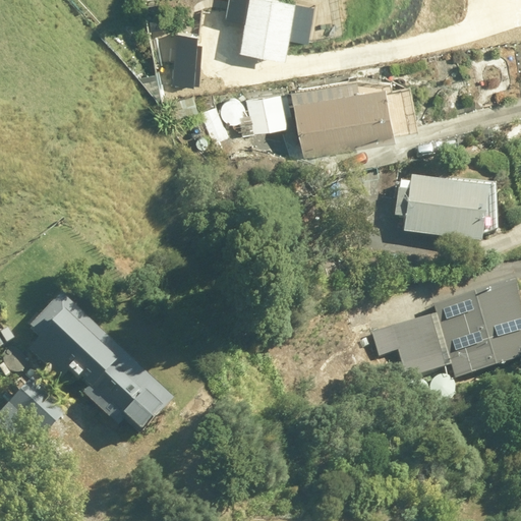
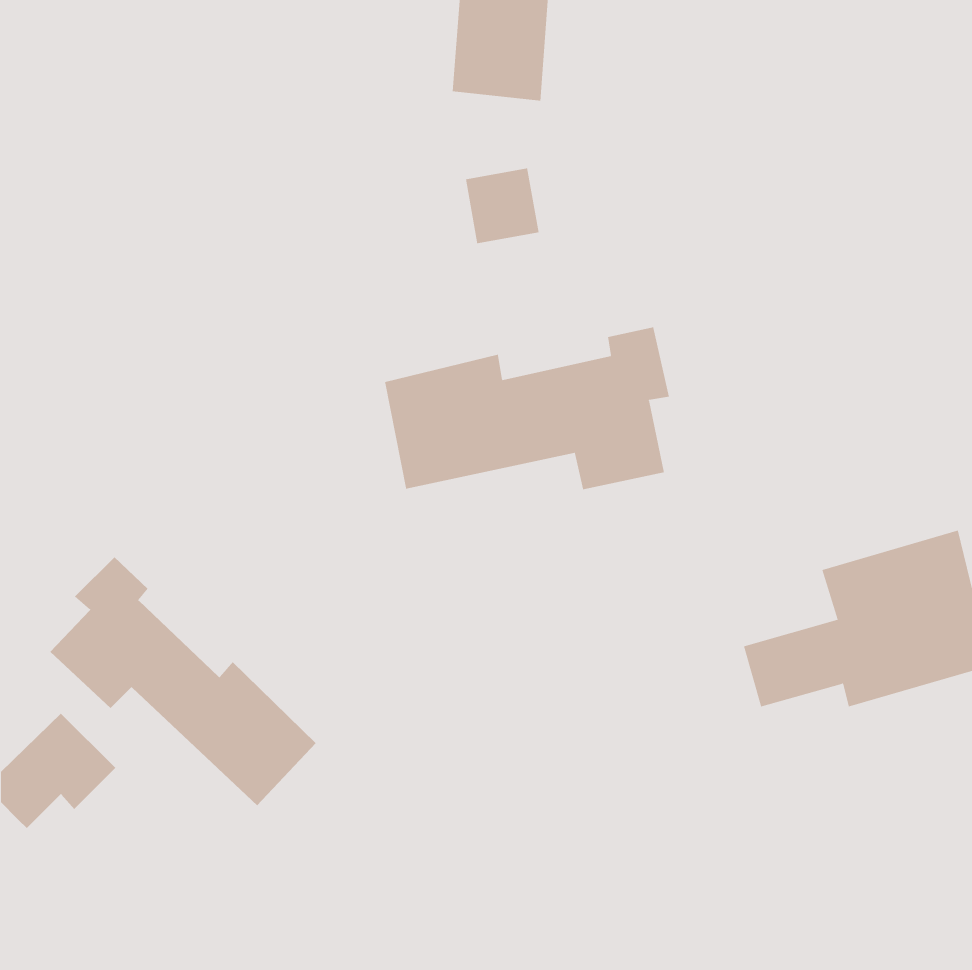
building: [297,76,402,148] -> none
building: none -> [384,327,669,490]
building: [404,180,490,236] -> none

